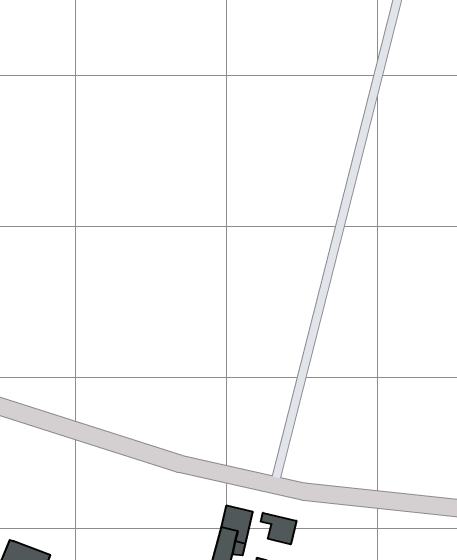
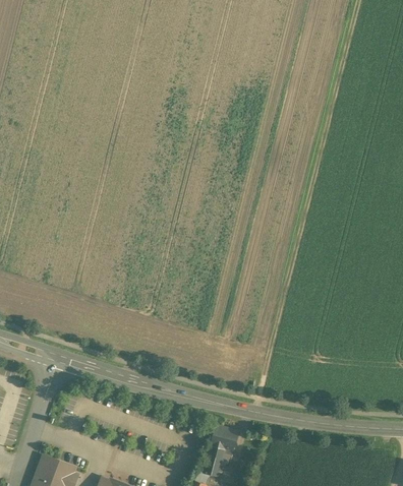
building: [261,513,296,544] -> none

